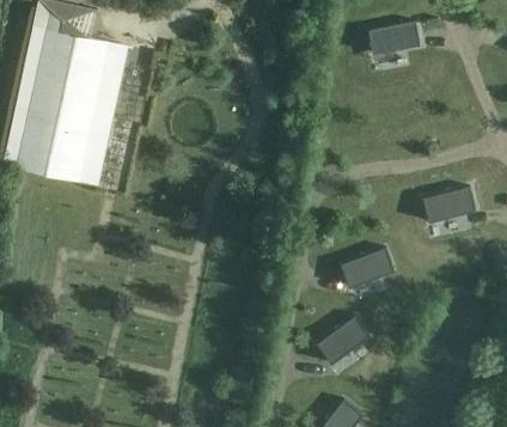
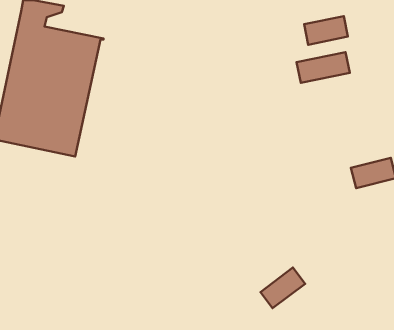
building: none -> [297,52,350,83]
building: [341,248,395,287] -> none

